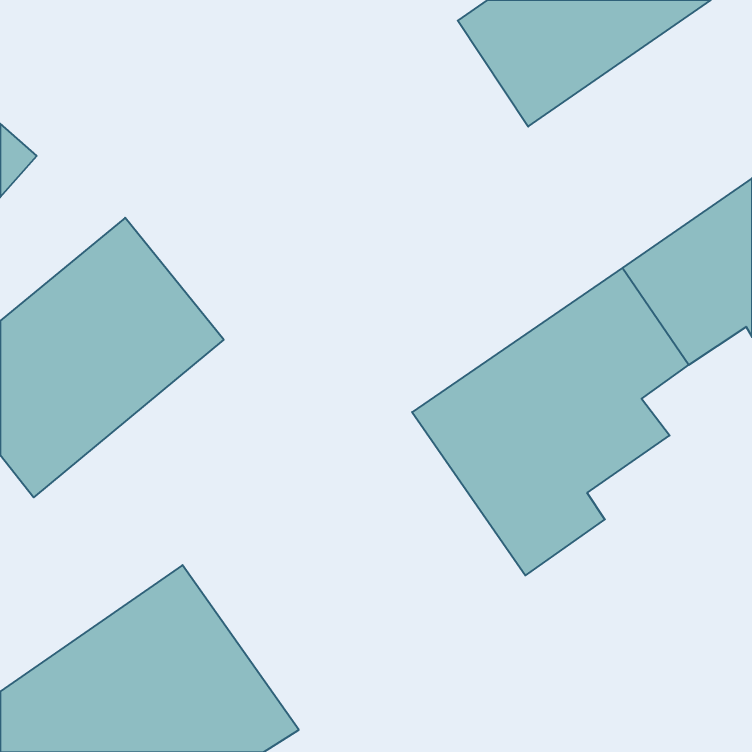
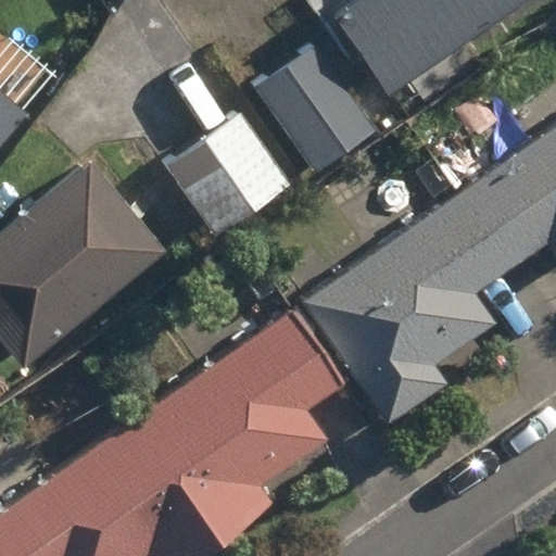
building: none -> [257,47,376,173]
building: none -> [166,113,289,236]
building: none -> [135,307,345,539]

